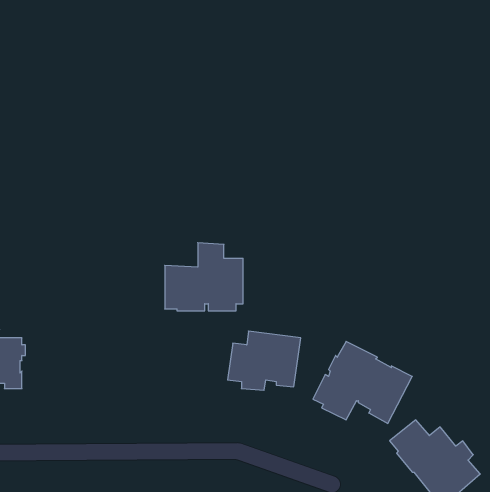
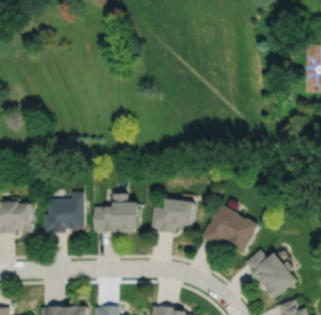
building: [165,243,243,311] -> [94,193,139,232]
building: none -> [44,192,84,233]

